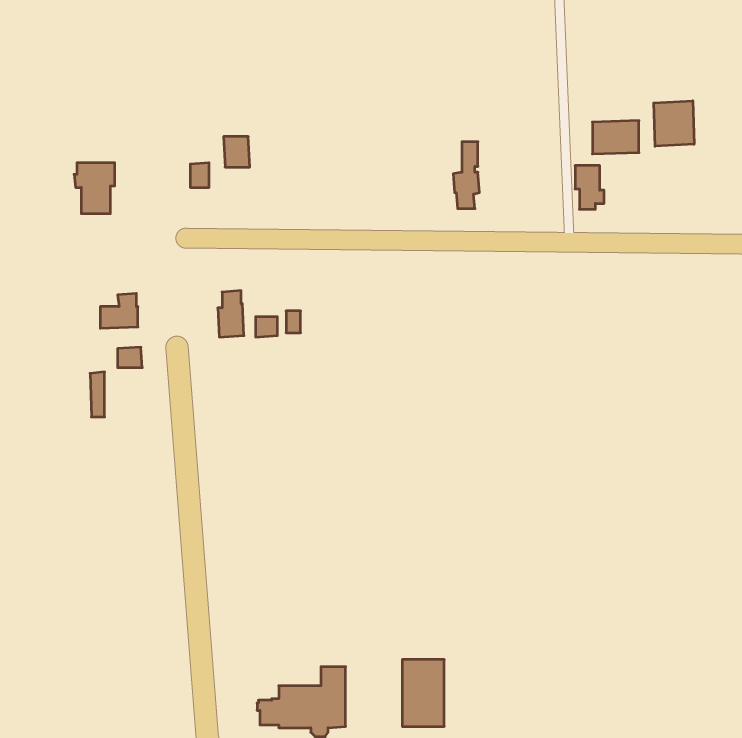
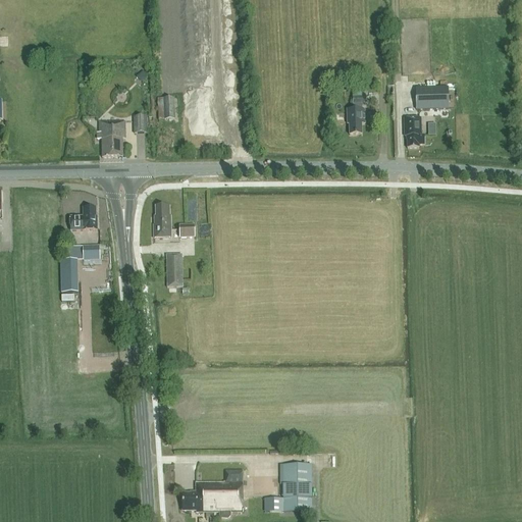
building: [654,101,694,146] -> none
building: [453,142,479,209] -> [347,86,365,133]
building: [74,163,115,214] -> [97,120,125,156]
building: none -> [166,253,184,285]

